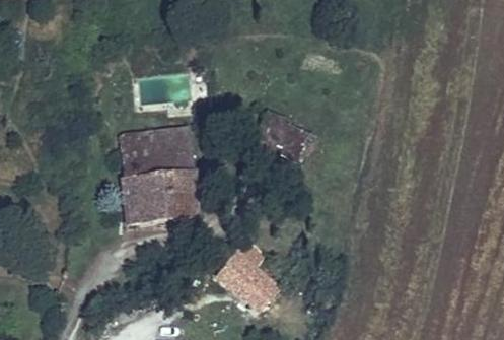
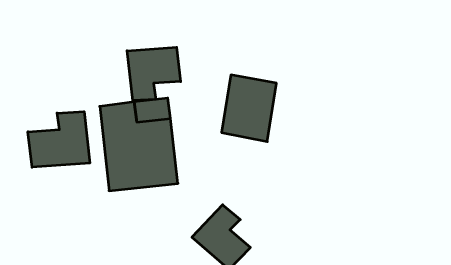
building: none -> [127,47,181,100]
building: none -> [28,112,90,167]

